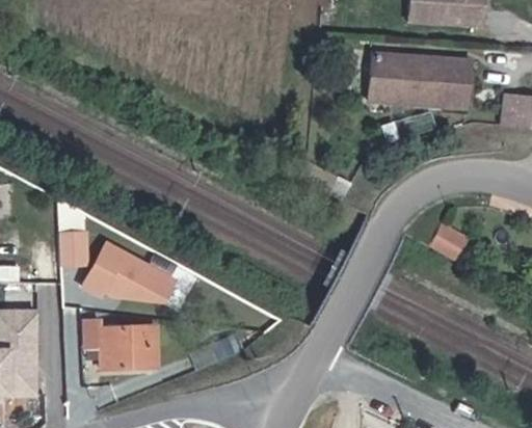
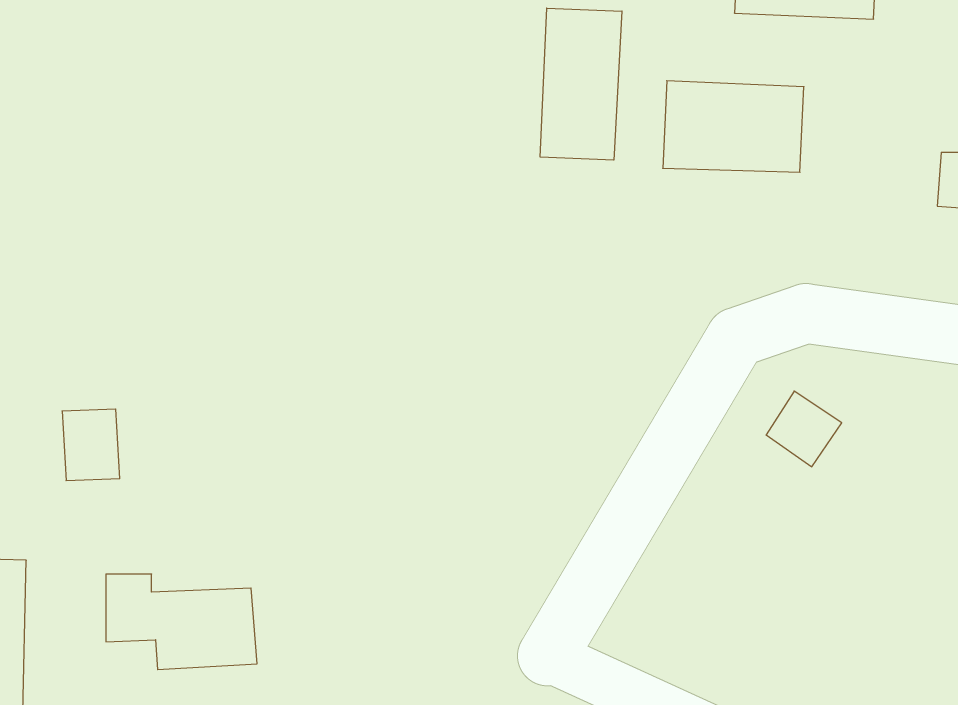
building: none -> [540,8,622,160]
building: [444,60,472,106] -> none
building: [81,239,176,302] -> none

